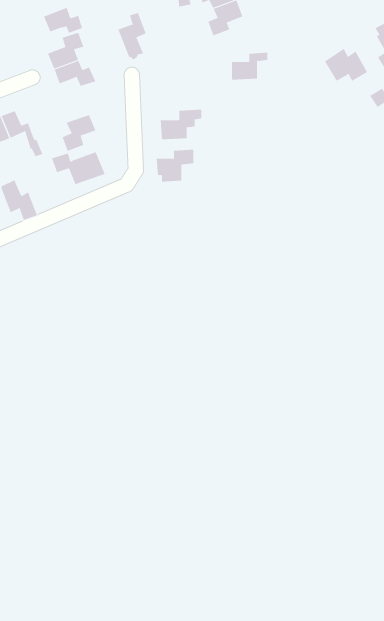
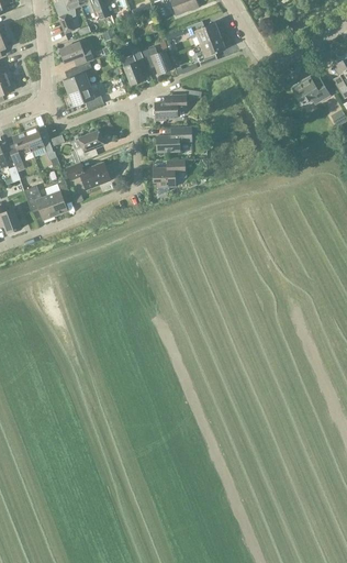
building: none -> [143,46,172,73]
building: [231,52,268,80] -> [155,93,186,117]
building: none -> [47,179,71,213]

